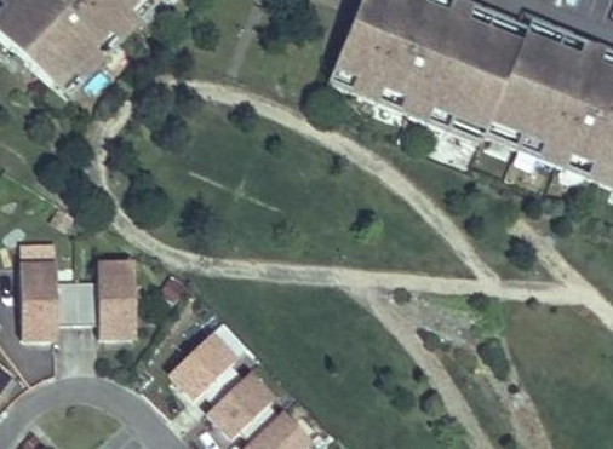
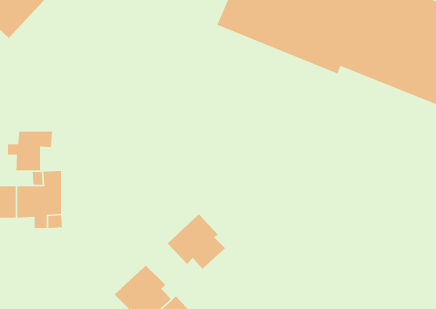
building: none -> [7,131,53,171]
building: [164,338,237,408] -> [167,214,226,270]

